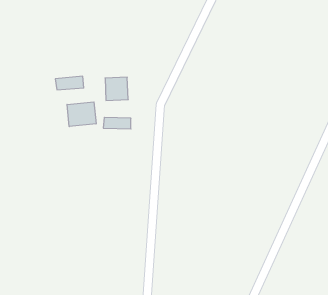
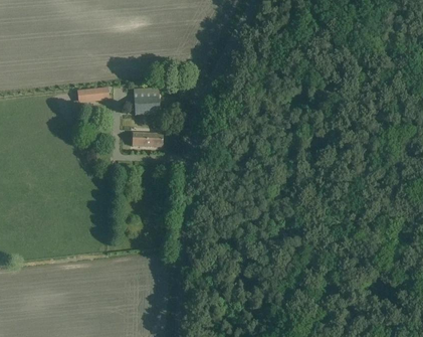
building: [67,102,96,127] -> none

